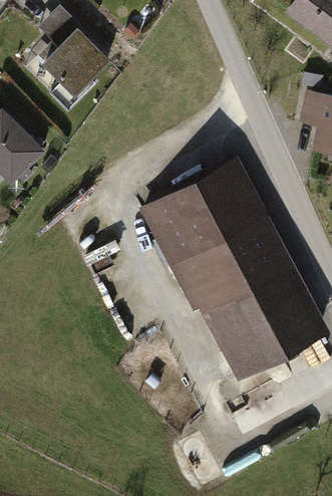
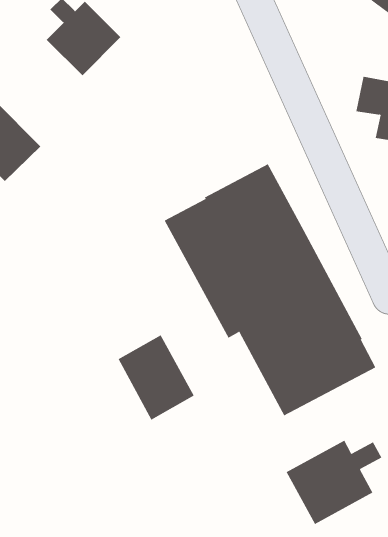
building: none -> [118,334,194,420]
building: none -> [286,440,382,525]

